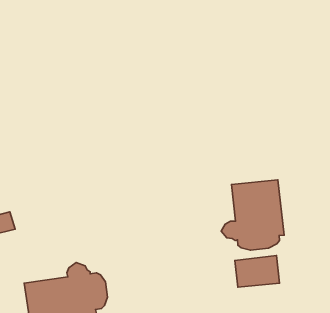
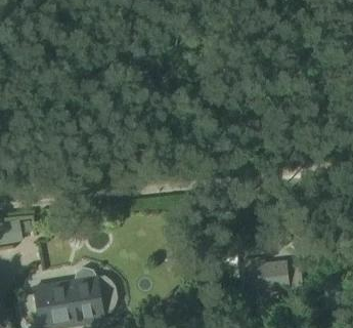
building: [221,180,284,250] -> none

